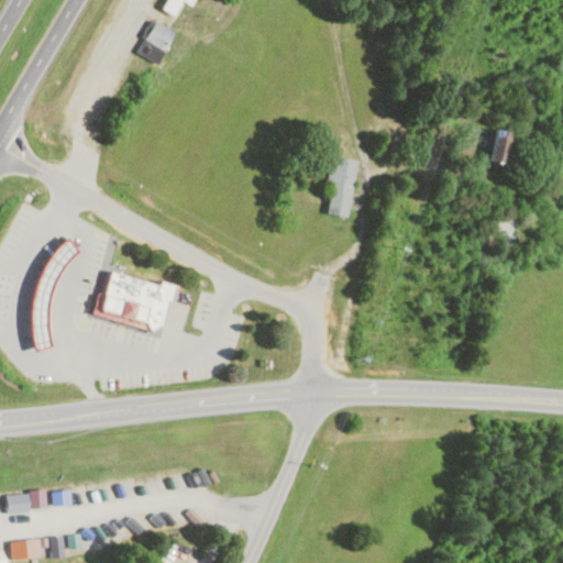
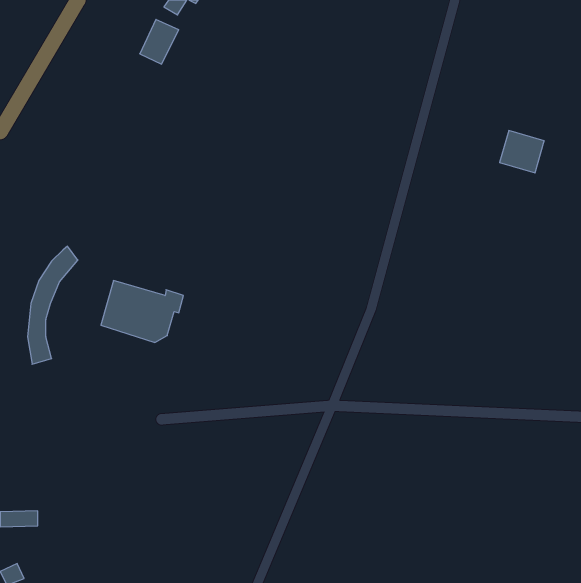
building: [323,156,358,218] -> none

